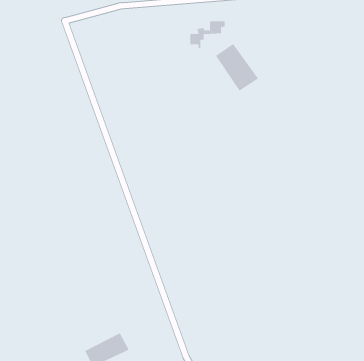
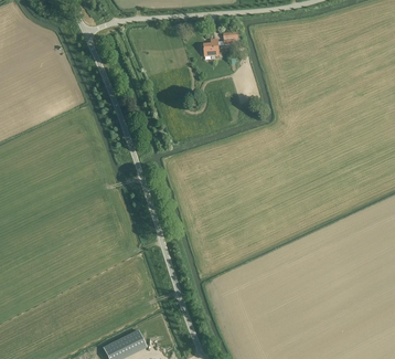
building: [215,43,259,91] -> none

